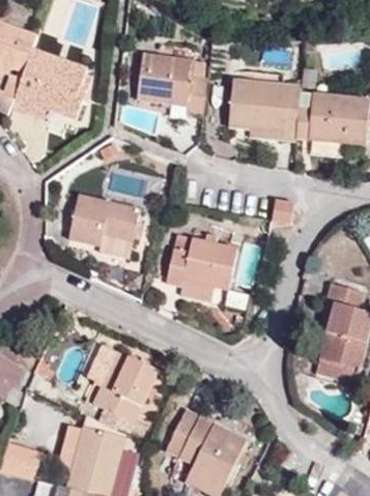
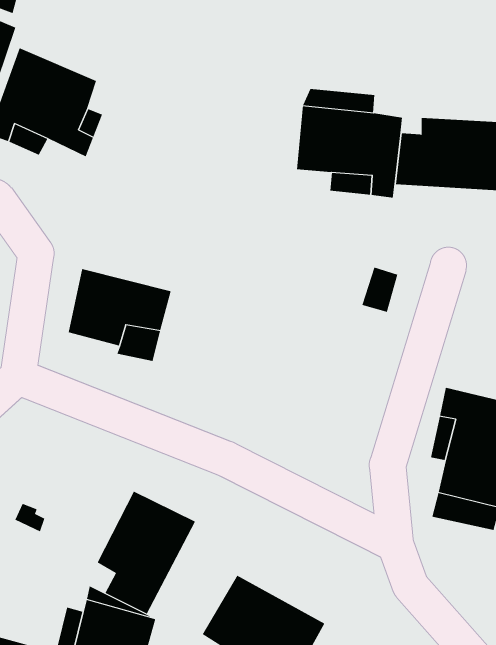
building: [137,57,208,121] -> none
building: [164,239,234,292] -> none

